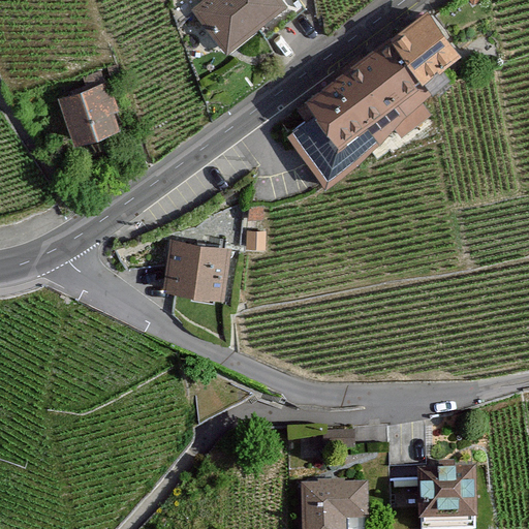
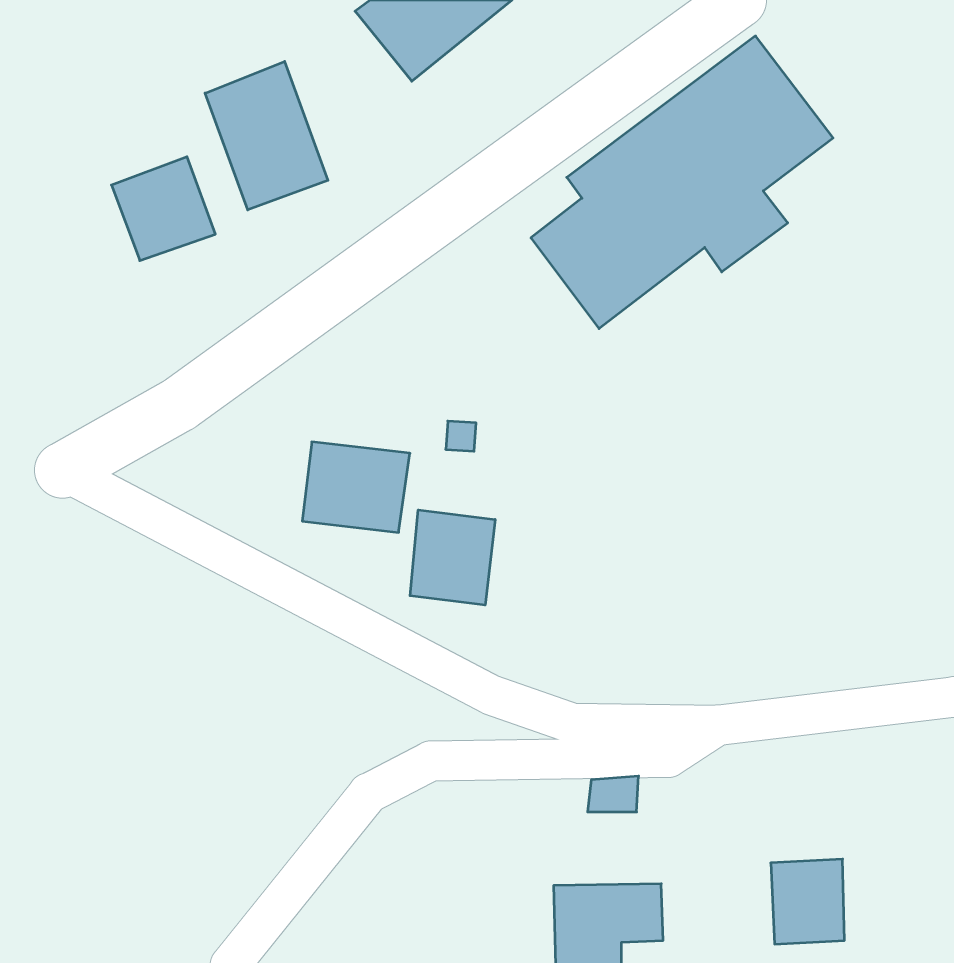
building: none -> [205,61,328,210]
building: none -> [410,510,495,605]

